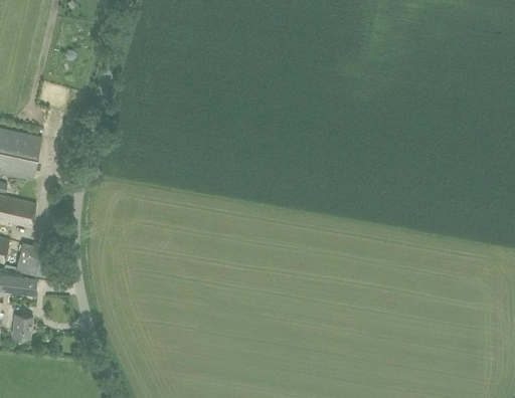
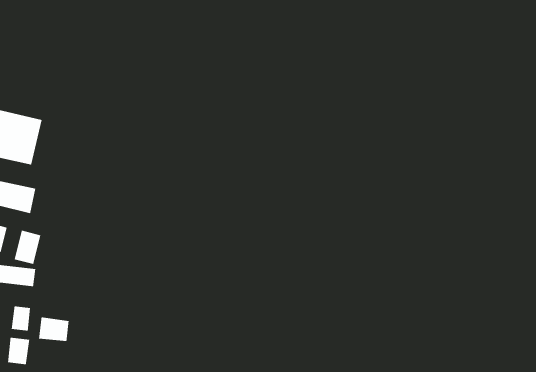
building: none -> [38,316,69,342]
building: none -> [7,337,30,365]

